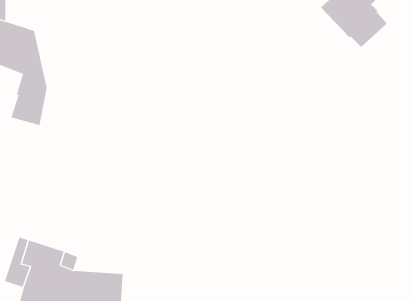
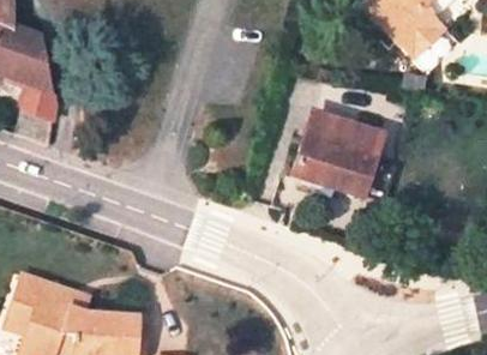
building: none -> [291,115,379,200]

